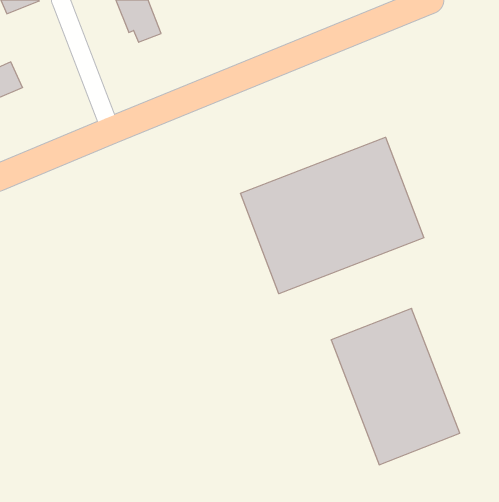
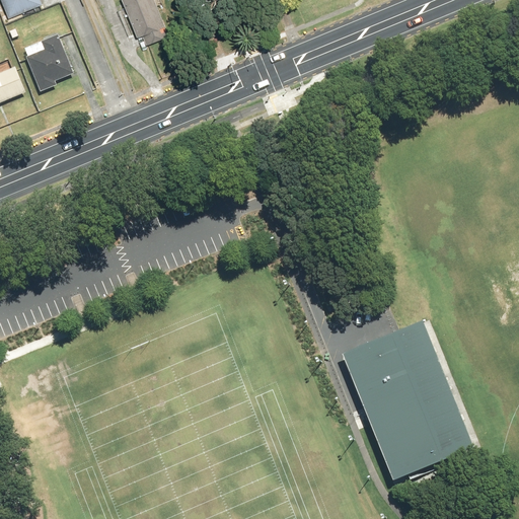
building: none -> [24,31,72,88]
building: [240,137,424,294] -> none

